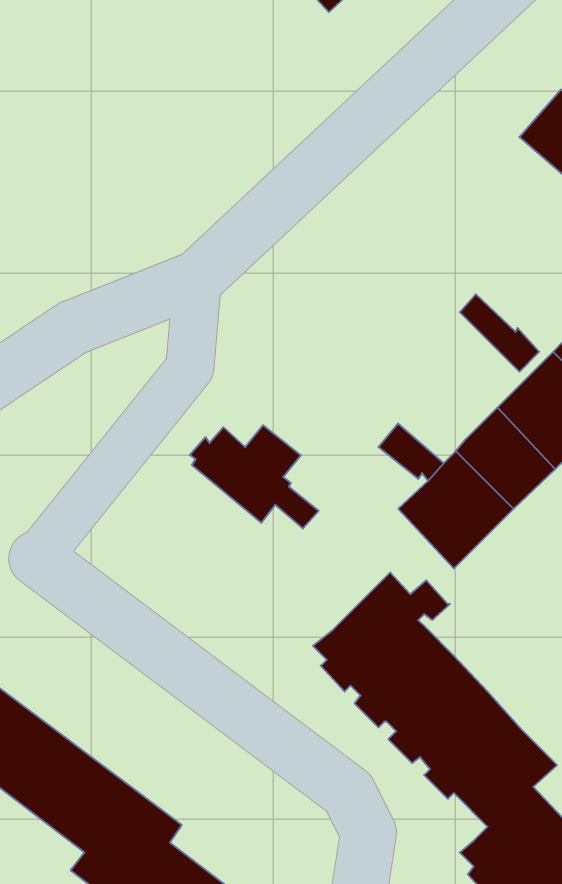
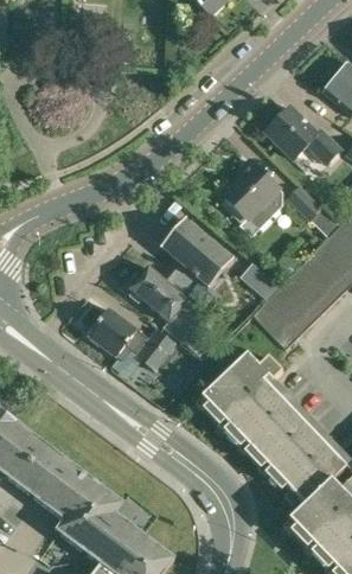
building: none -> [265,107,339,161]
building: none -> [223,159,282,235]
building: none -> [160,217,232,286]
building: none -> [87,307,174,369]

